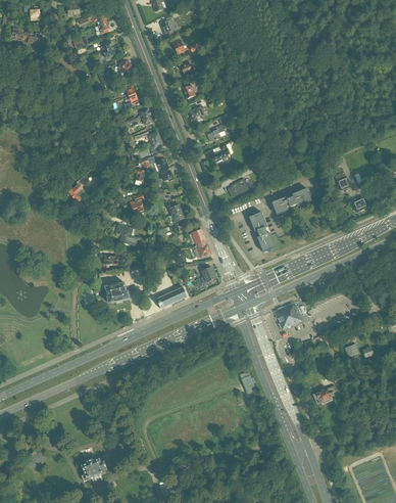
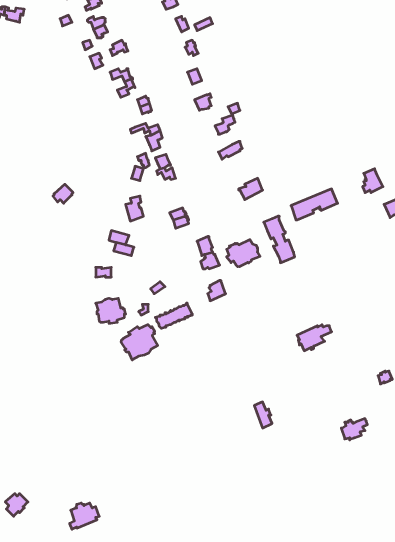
building: none -> [227,240,260,267]
building: none -> [121,325,158,360]

